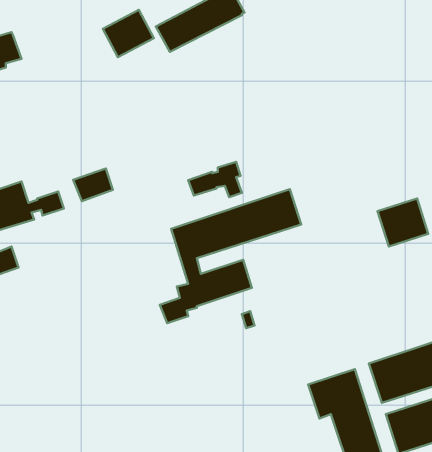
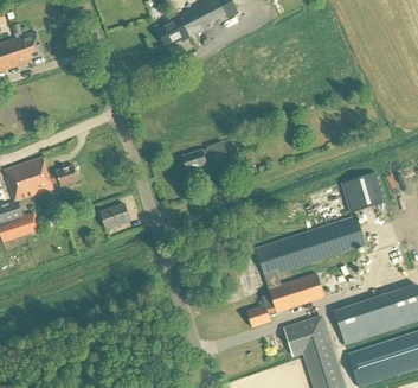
building: [103,10,154,57] -> none
building: [73,169,113,201] -> [97,203,130,230]
building: [160,189,301,323] -> [246,215,365,327]

